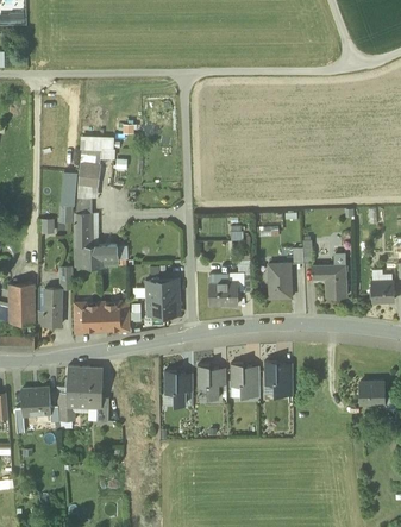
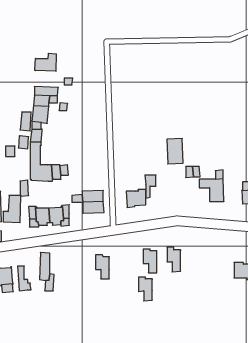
building: none -> [35,53,56,71]
building: [268,262,290,297] -> [167,138,183,164]
building: [67,365,89,406] -> none
building: [200,365,219,399] -> [139,277,152,301]

